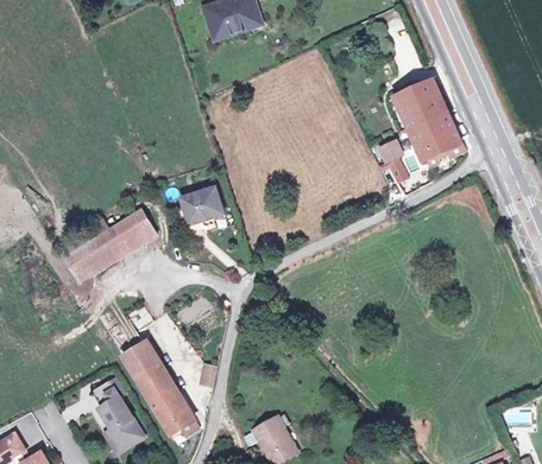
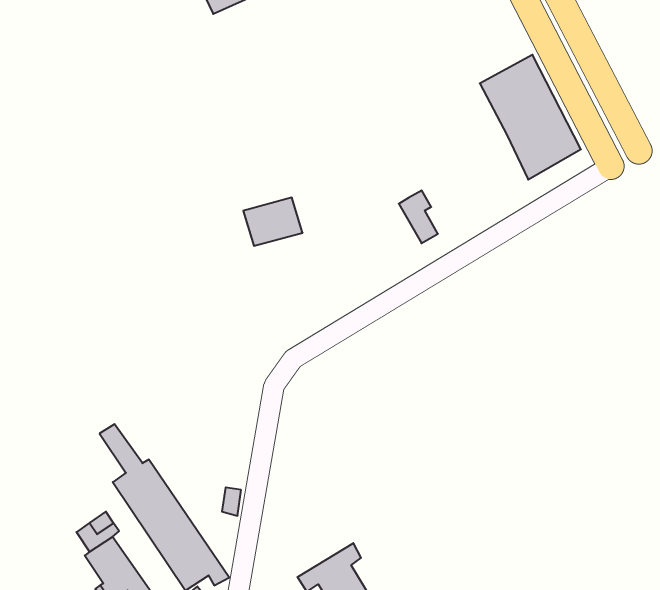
building: [383,145,409,182] -> [399,190,438,243]
building: [185,192,226,224] -> [243,198,303,246]
building: [67,212,158,284] -> none

